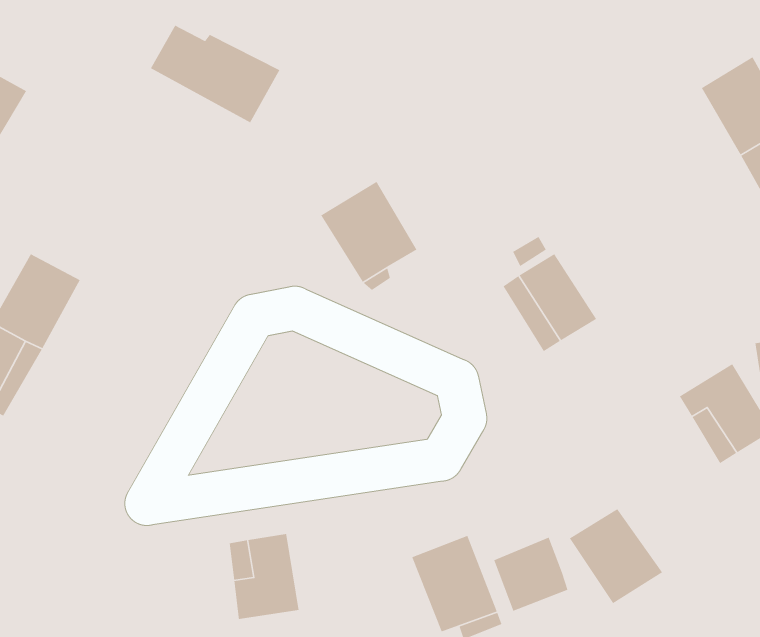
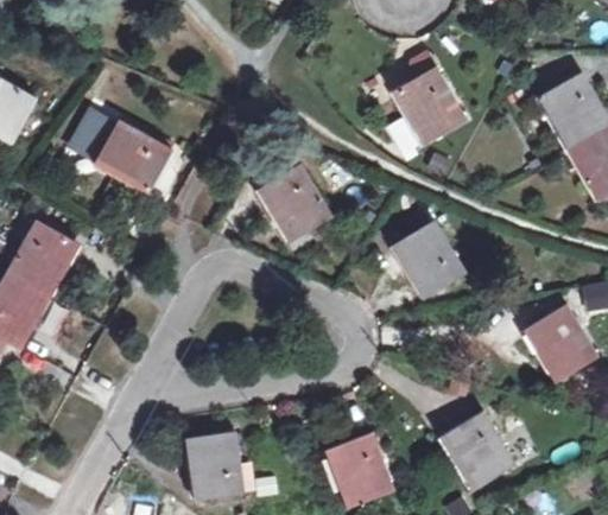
building: [150,24,280,124] -> [72,114,171,189]
building: none -> [395,52,464,144]
building: [493,537,569,612] -> none

